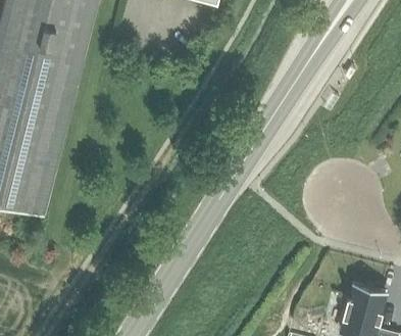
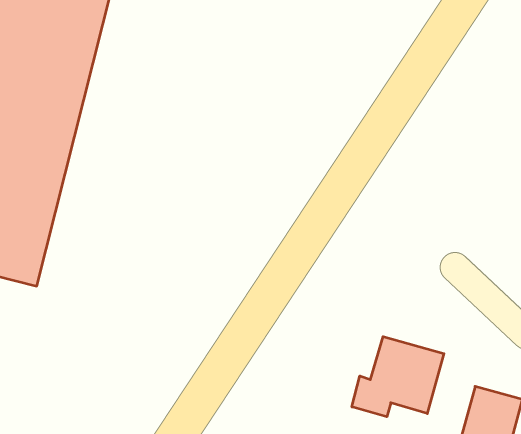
building: none -> [352,337,444,417]

